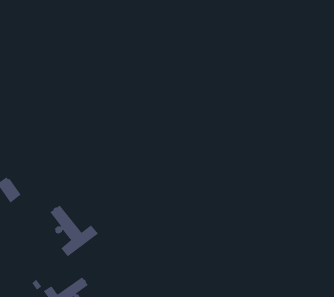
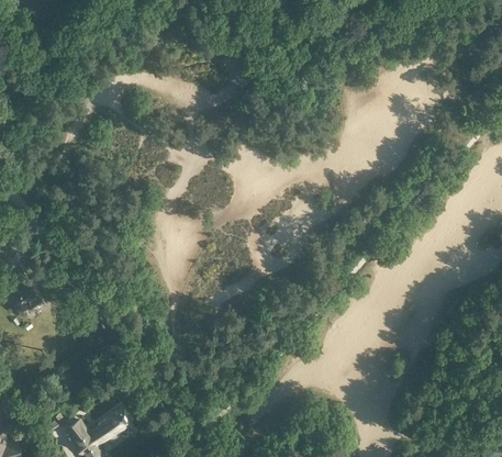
building: [49,205,99,257] -> none

